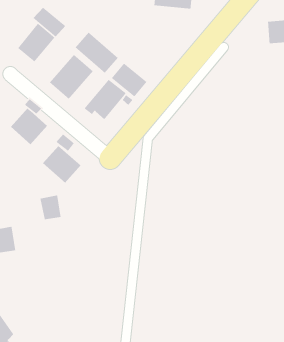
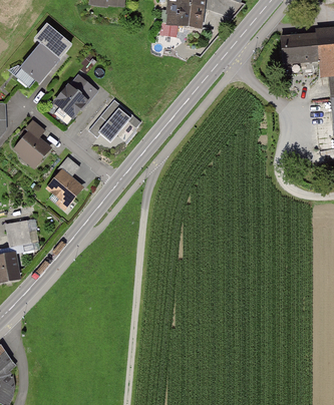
building: [74,32,119,74] -> none
building: [111,63,148,98] -> none
building: [39,194,62,220] -> [9,220,32,247]

